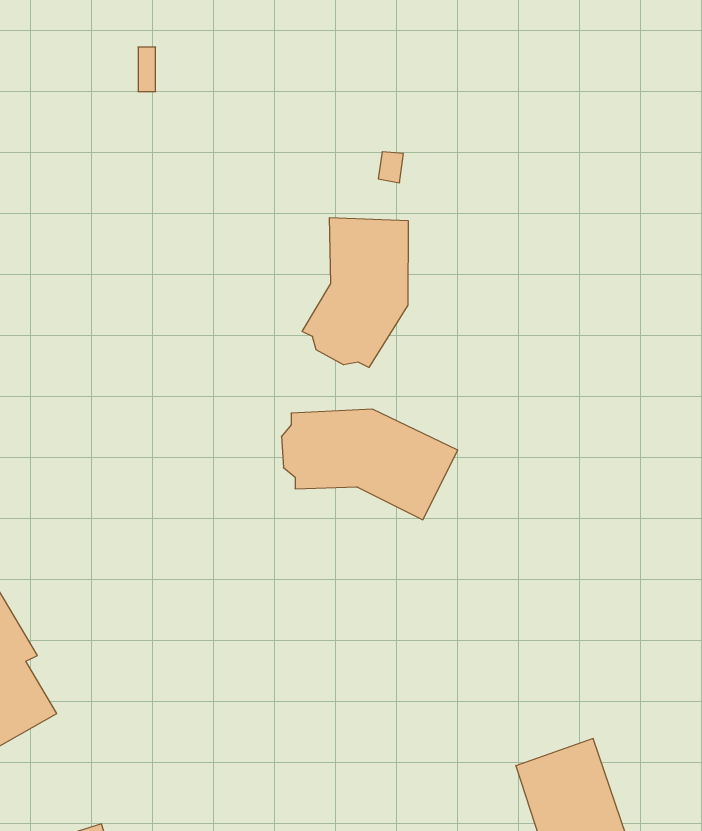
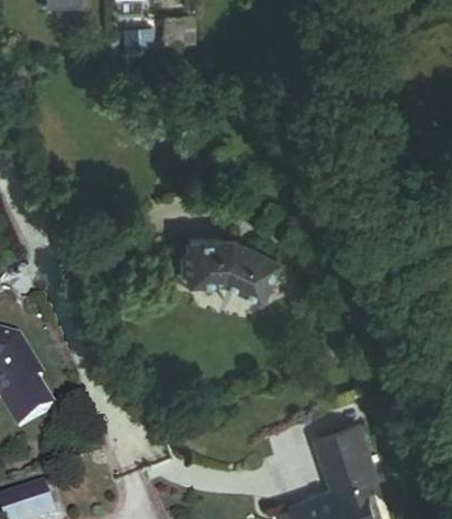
building: [302,218,408,367] -> none

